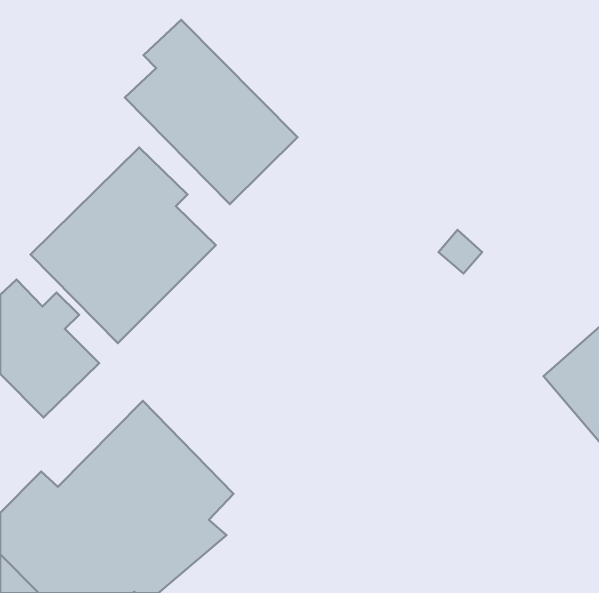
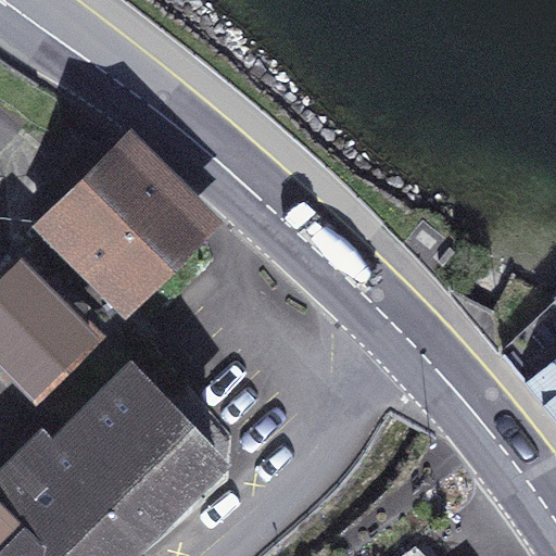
building: [125,20,297,204] -> none

